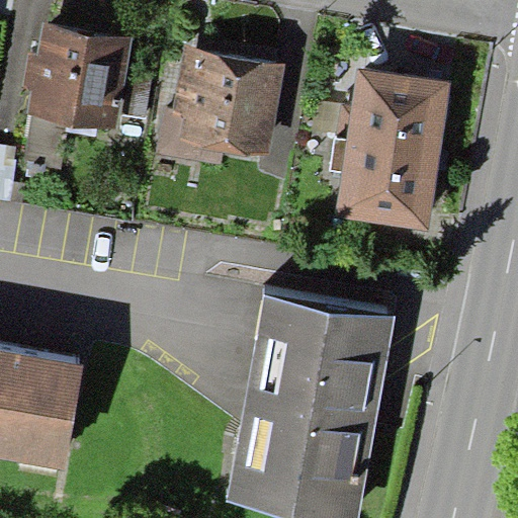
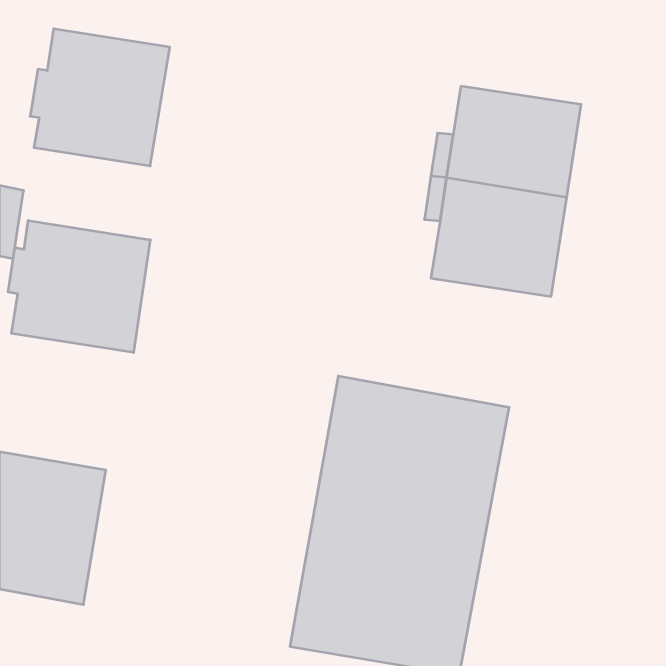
building: [156,49,284,166] -> none
building: none -> [8,220,150,353]

